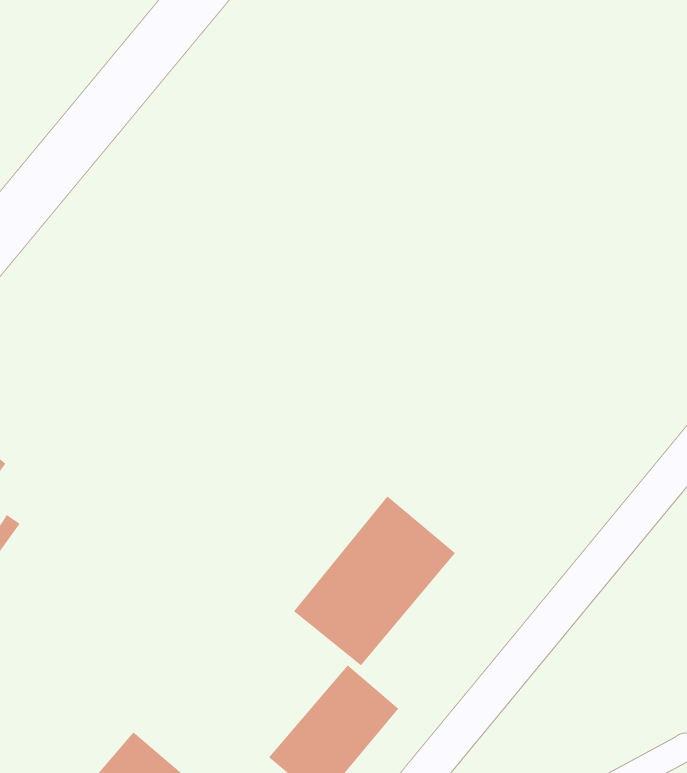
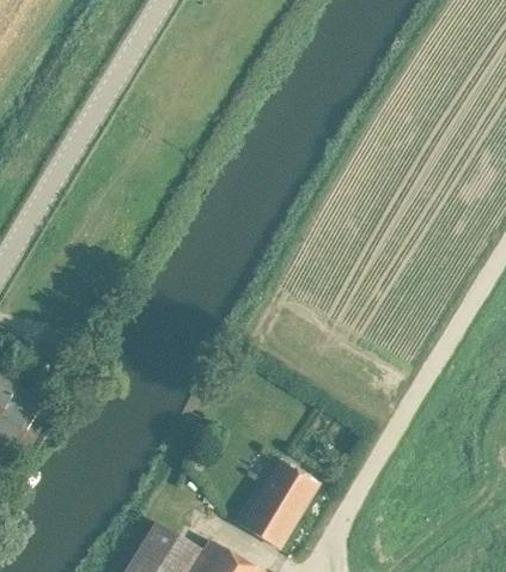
building: [293,496,456,666] -> none

